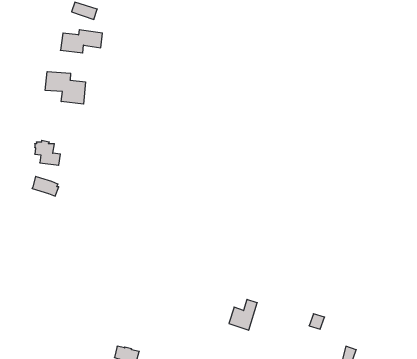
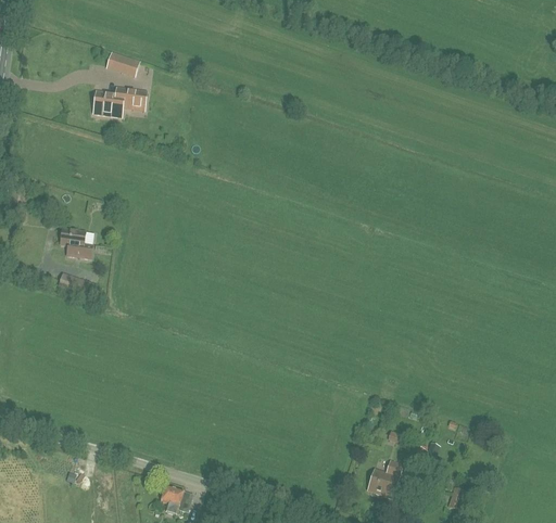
building: [45,72,85,104] -> none
building: [229,299,257,330] -> [367,460,403,499]

